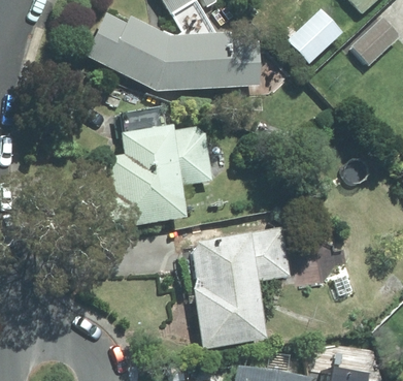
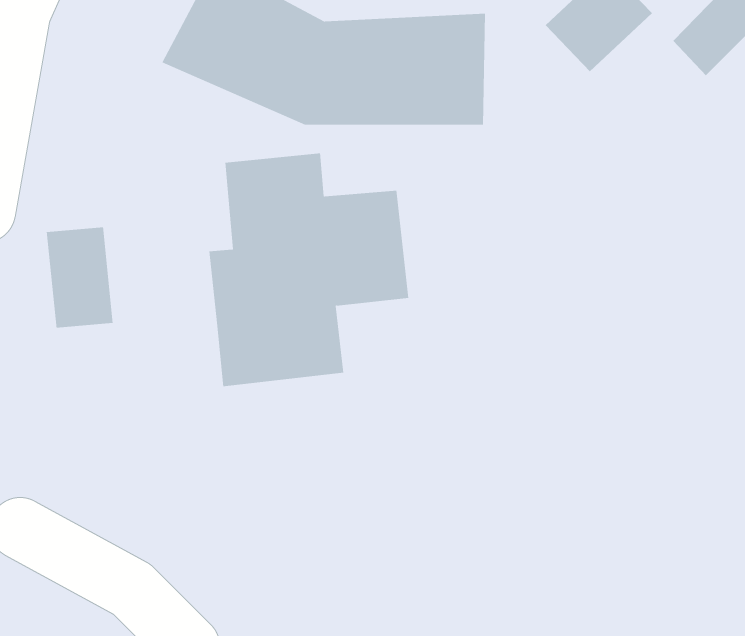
building: none -> [46,226,113,328]
building: [186,224,291,351] -> none

